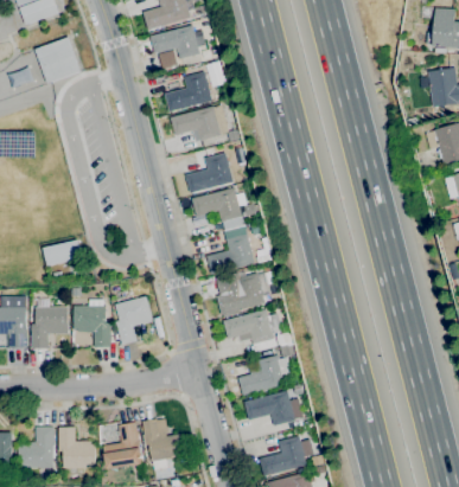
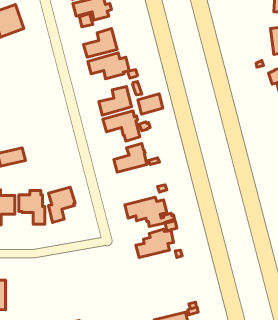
building: none -> [138,94,163,114]
building: [216,271,264,314] -> none
building: [244,390,304,425] -> none
building: [142,417,185,470] -> none
building: [103,422,144,469] -> none
building: [59,427,96,468] -> none
building: [259,436,313,476] -> none

